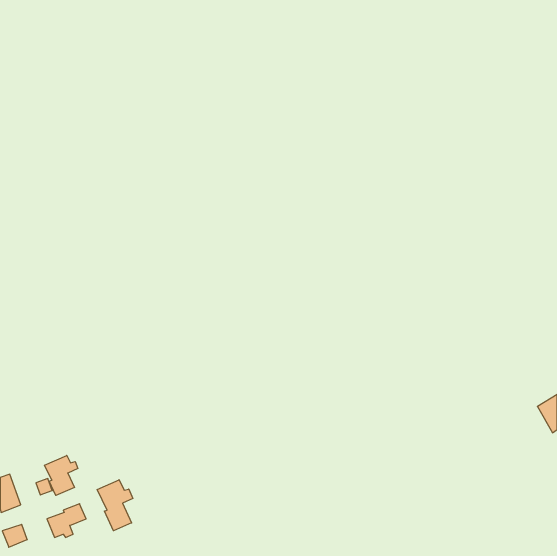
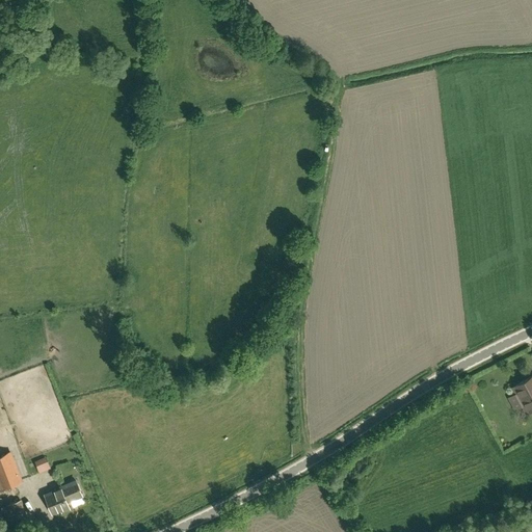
building: [44,455,78,495] -> none
building: [97,480,133,531] -> none

